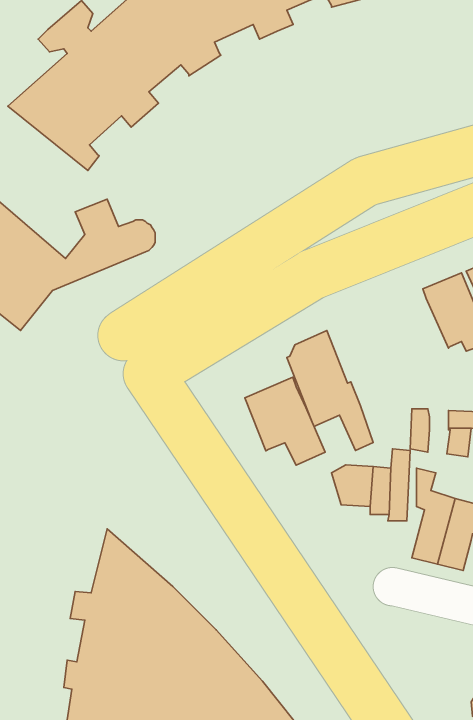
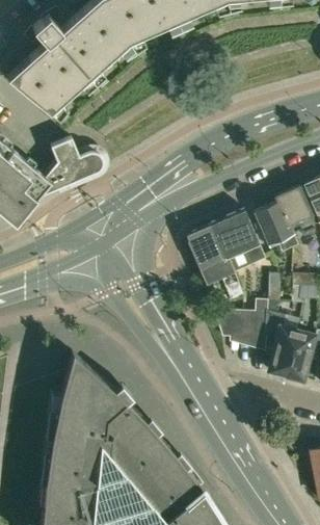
building: none -> [255,202,299,252]
building: [245,377,325,465] -> [214,209,266,266]

